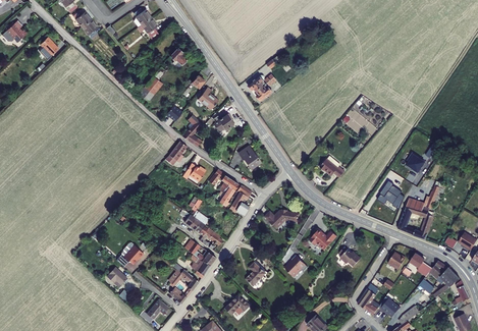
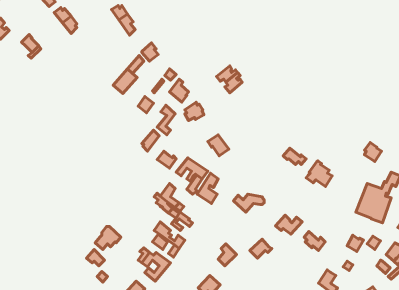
building: [376,181,404,209] -> [306,161,332,187]

